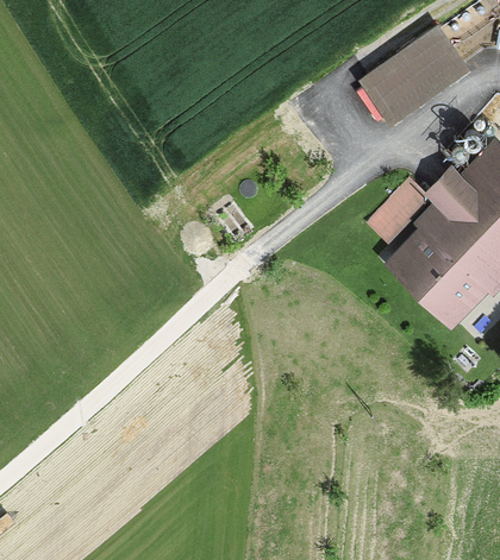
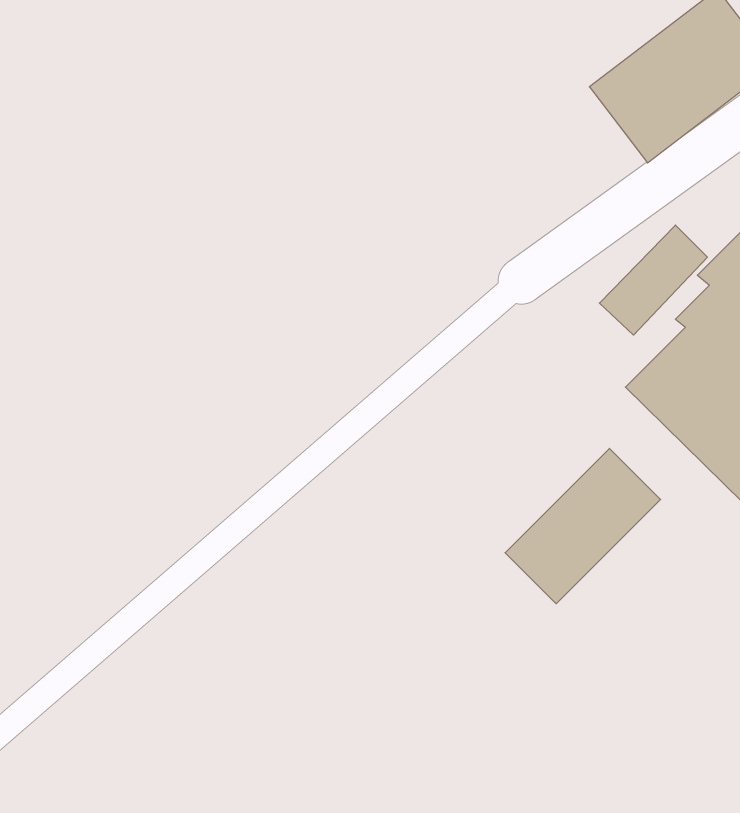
building: none -> [505,448,661,604]

